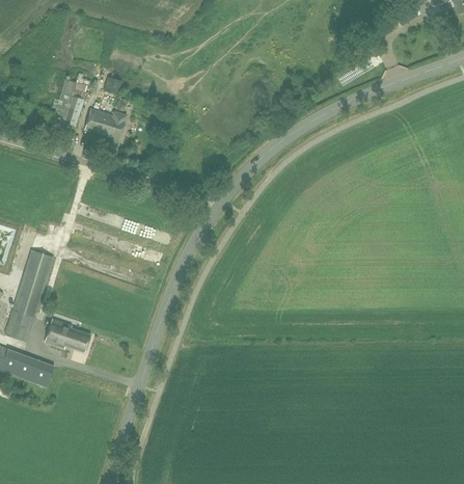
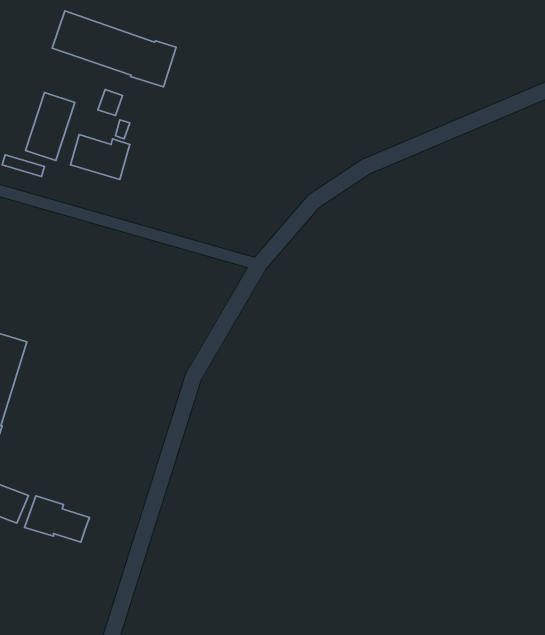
building: none -> [52,11,176,87]
building: [44,318,90,351] -> [24,496,90,542]

